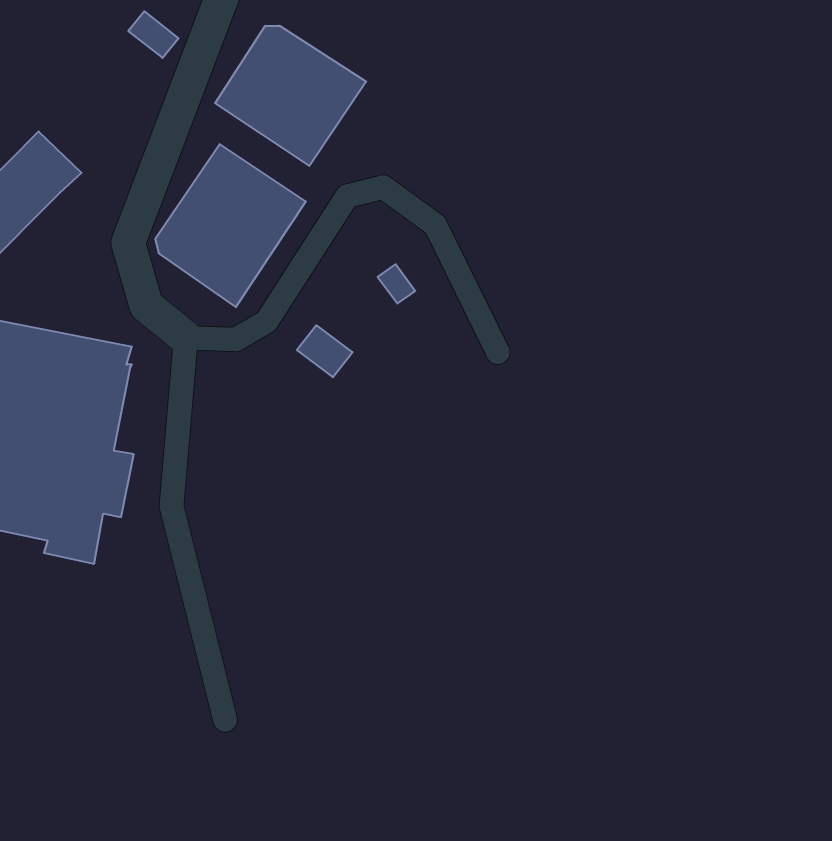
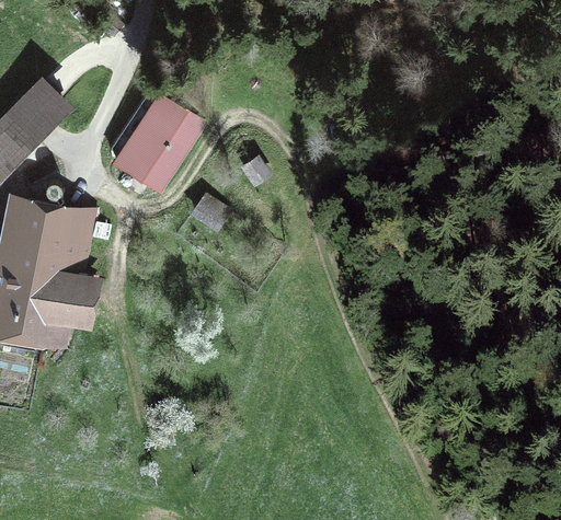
building: [215,26,366,166] -> none

